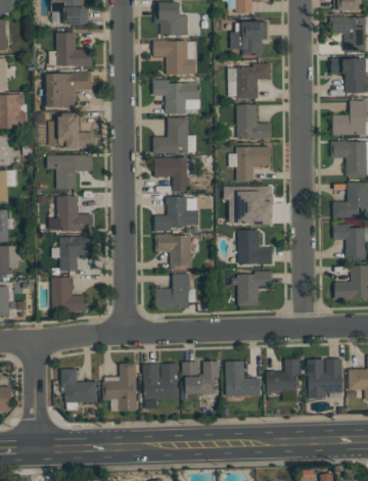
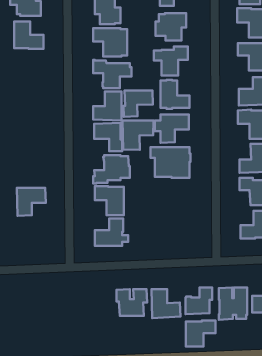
building: [47,73,91,108] -> none
building: [49,113,93,149] -> none
building: none -> [123,91,153,117]
building: none -> [122,121,154,150]
building: [47,155,92,189] -> none
building: [49,196,93,232] -> none
building: [238,231,272,264] -> none
building: [238,271,272,306] -> none
building: [52,278,86,312] -> none
building: [102,364,137,412] -> none
building: [143,364,179,399] -> none
building: [61,369,97,411] -> none
building: none -> [186,321,215,346]

